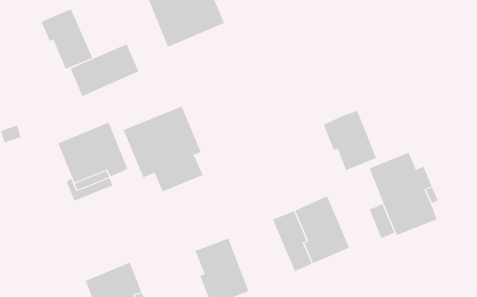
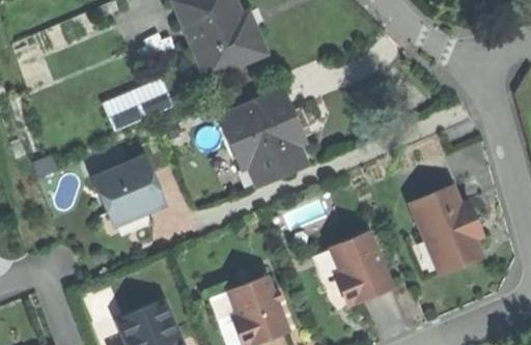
building: [41,8,93,69] -> none
building: [123,106,203,192] -> [220,92,303,181]
building: [323,110,377,171] -> none

